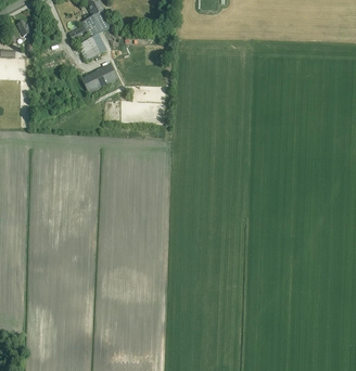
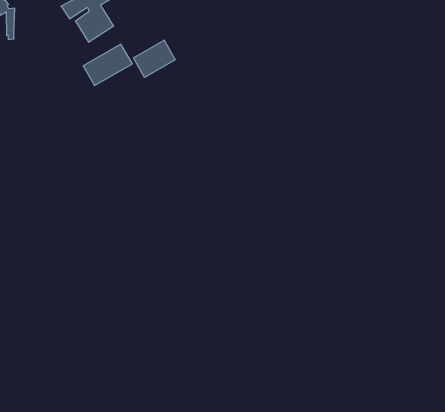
building: none -> [134,40,175,77]

